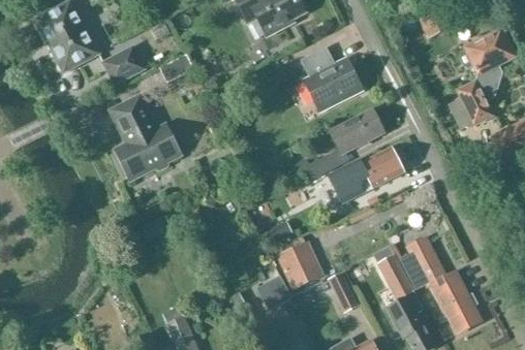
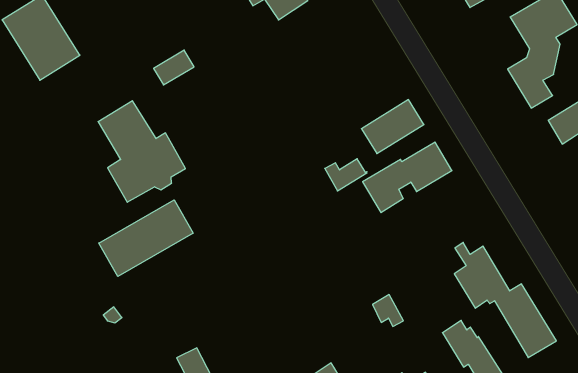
building: [301,45,362,109] -> none
building: [103,46,145,84] -> none
building: none -> [99,200,193,276]
building: [277,240,325,288] -> none
building: [373,244,413,298] -> none
building: [257,276,290,309] -> none

